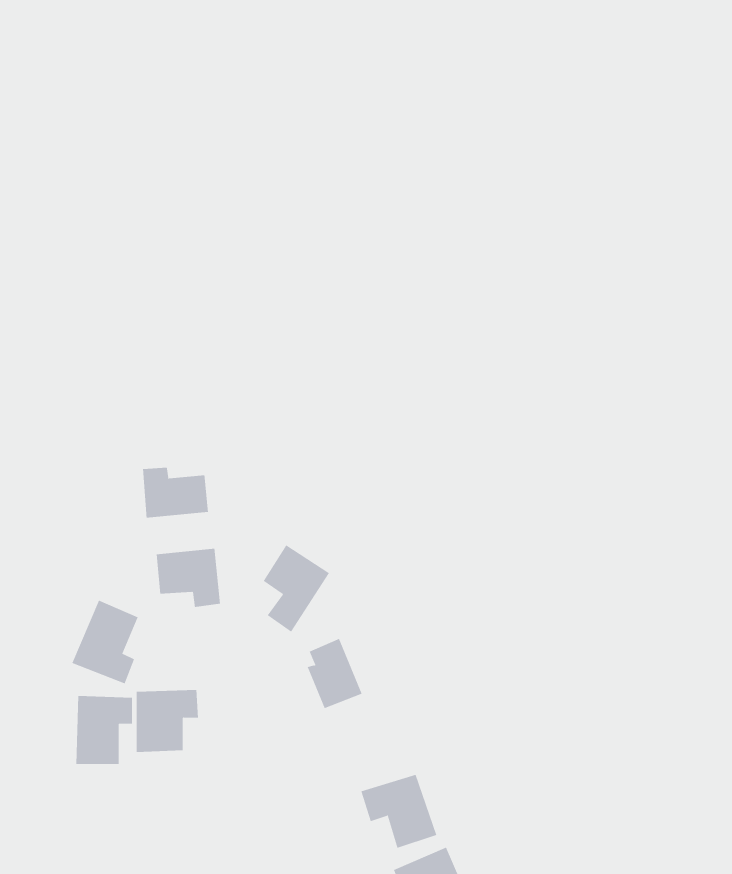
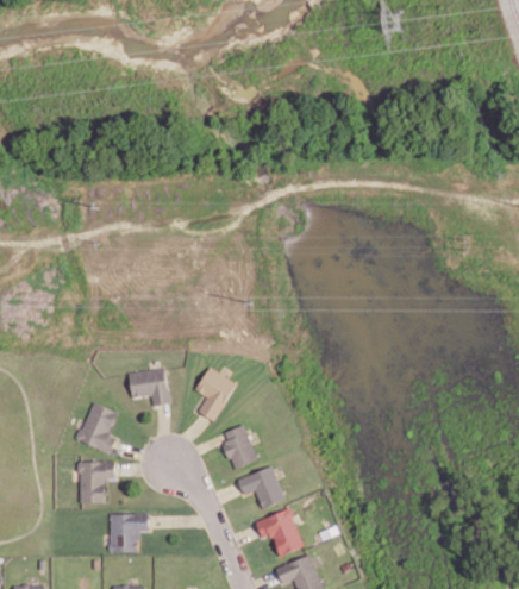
building: [143,467,209,519] -> none
building: [136,689,199,753] -> [110,513,149,552]
building: none -> [238,466,284,509]

